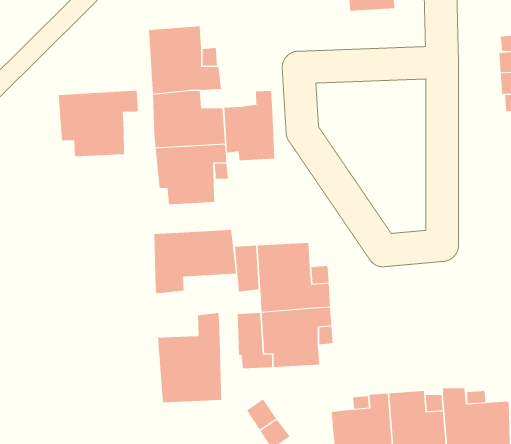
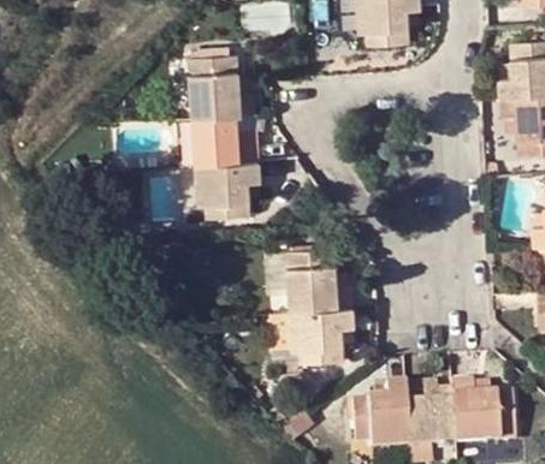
building: [58,90,139,157] -> none
building: [224,90,275,161] -> none
building: [154,229,236,294] -> none
building: [158,312,222,403] -> none

